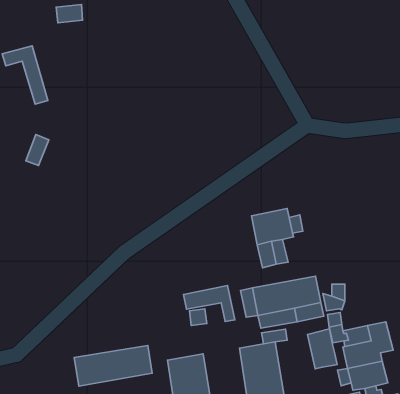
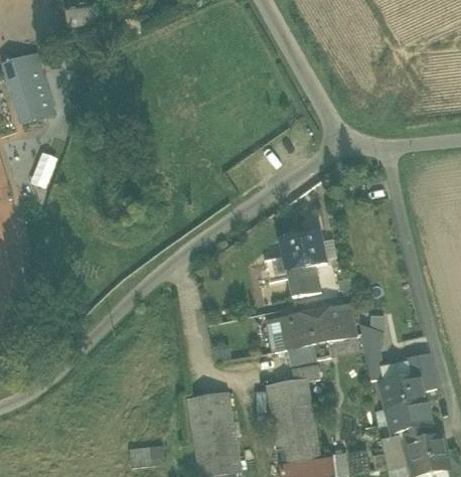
building: none -> [9,68,41,122]
building: [184,286,235,322] -> none
building: [307,329,337,369] -> none
building: [74,345,152,386] -> none

